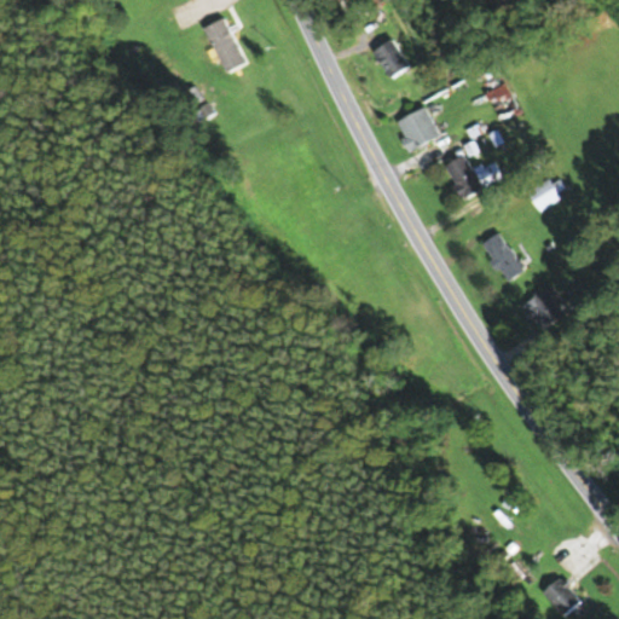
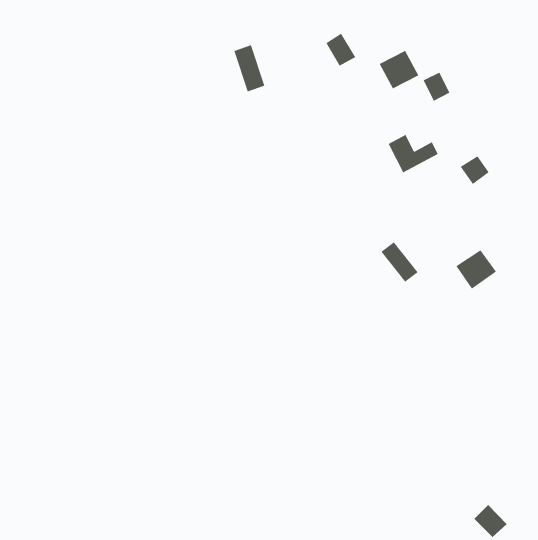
building: [206,17,242,71] -> [233,45,265,92]
building: [393,105,439,150] -> [379,50,419,89]
building: [480,232,523,279] -> [381,241,419,283]

